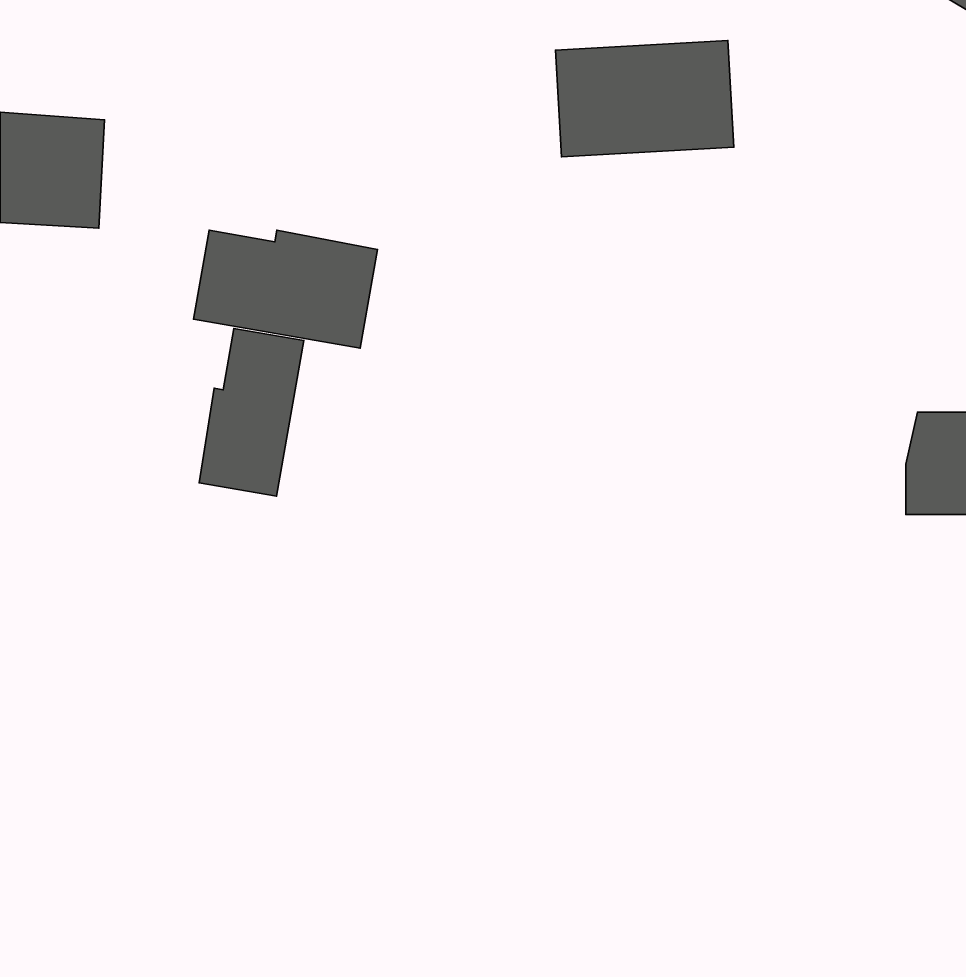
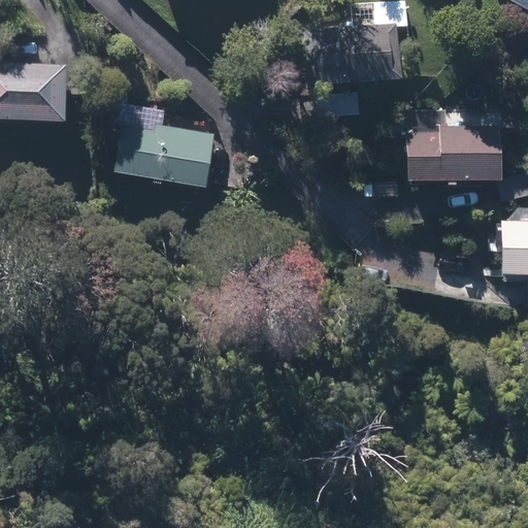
building: none -> [403,123,499,182]
building: [199,328,304,496] -> none

